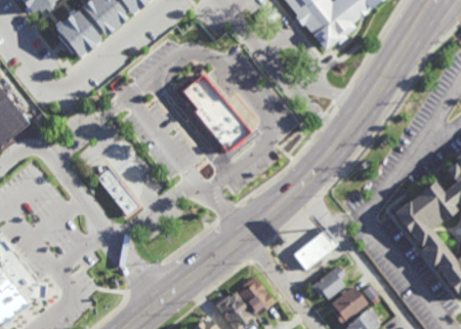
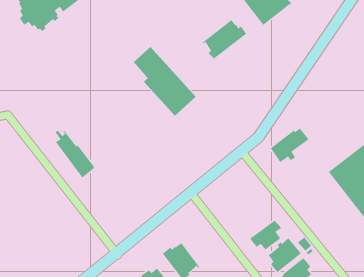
building: none -> [201,19,247,59]
building: [294,230,337,269] -> [270,127,309,163]
building: [239,273,276,314] -> none

